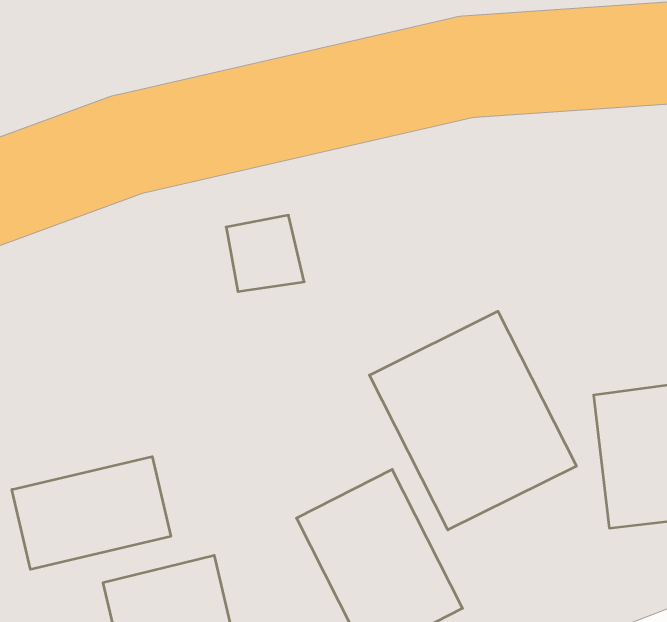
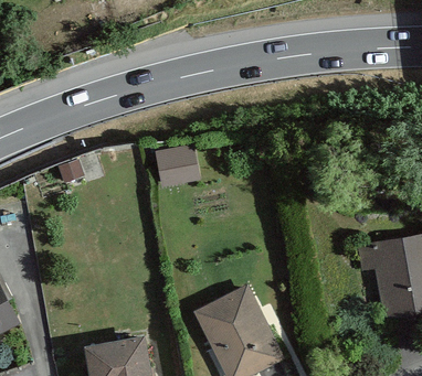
building: [369,311,576,530] -> none
building: [12,457,171,569] -> none

